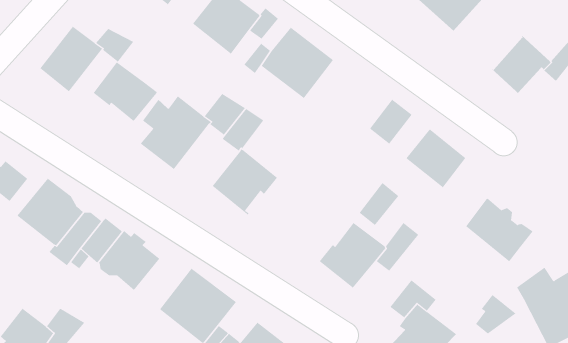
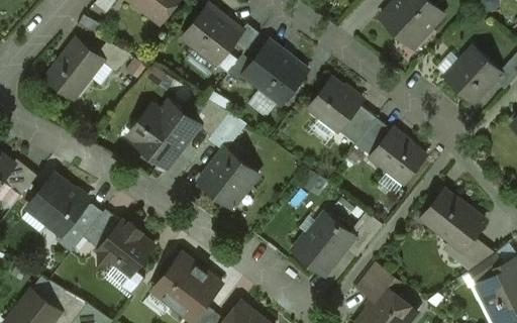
building: [93,62,157,122] -> none
building: none -> [309,79,360,130]
building: [358,182,399,226] -> [355,118,392,156]
building: [475,294,516,334] -> [457,235,494,271]

